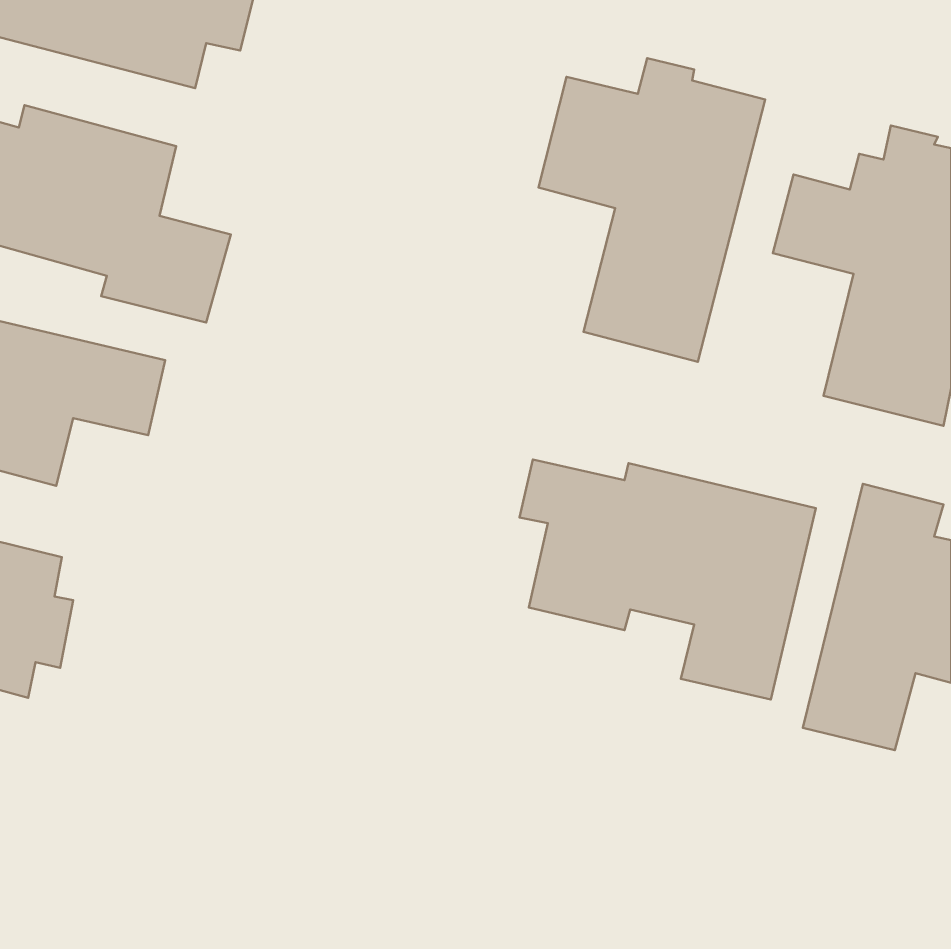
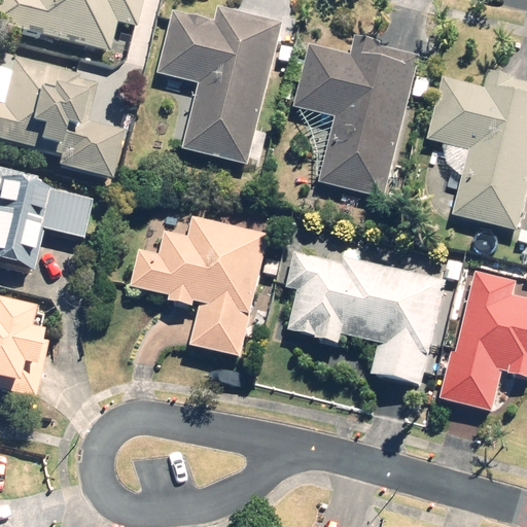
building: none -> [155,5,281,161]
building: none -> [125,215,273,356]

